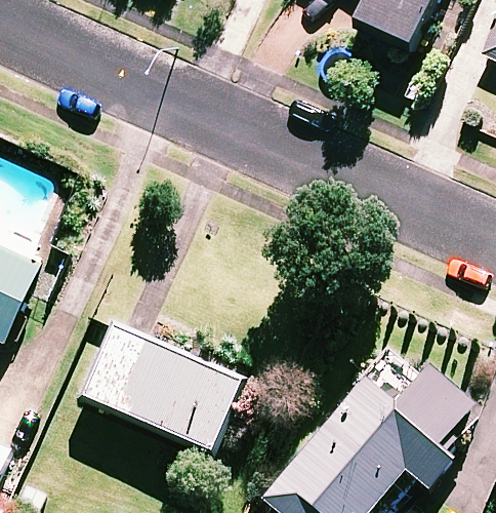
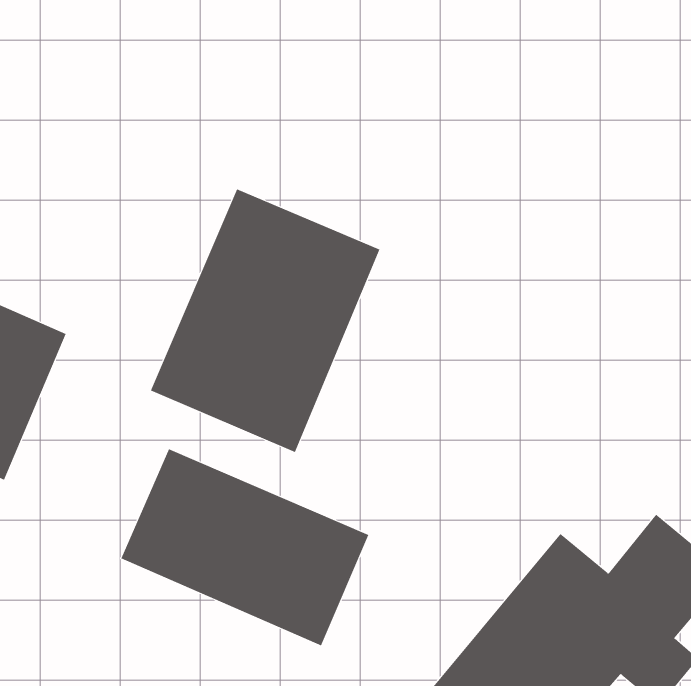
building: none -> [150,189,380,453]

